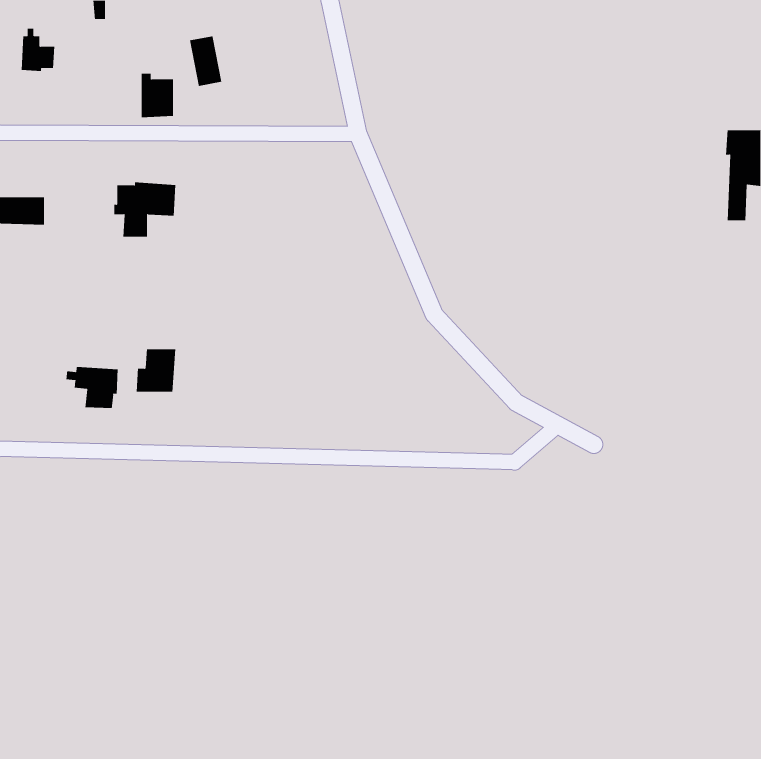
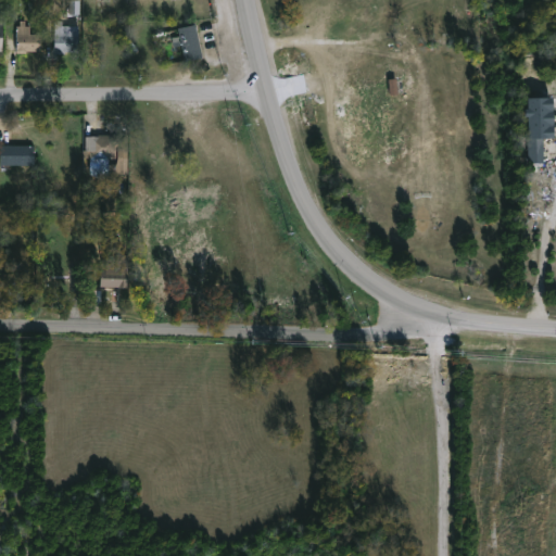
building: [189,36,222,86] -> [177,26,201,63]
building: [141,73,174,118] -> [53,23,77,55]
building: [66,366,118,409] -> none

